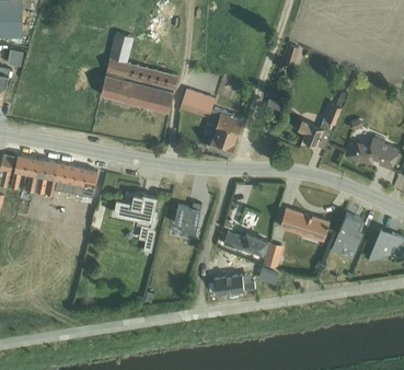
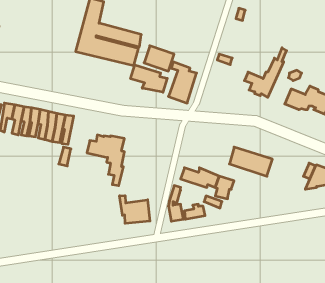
building: none -> [131,65,167,92]
building: [173,204,201,236] -> none
building: [331,213,360,253] -> none
building: none -> [120,196,150,223]

